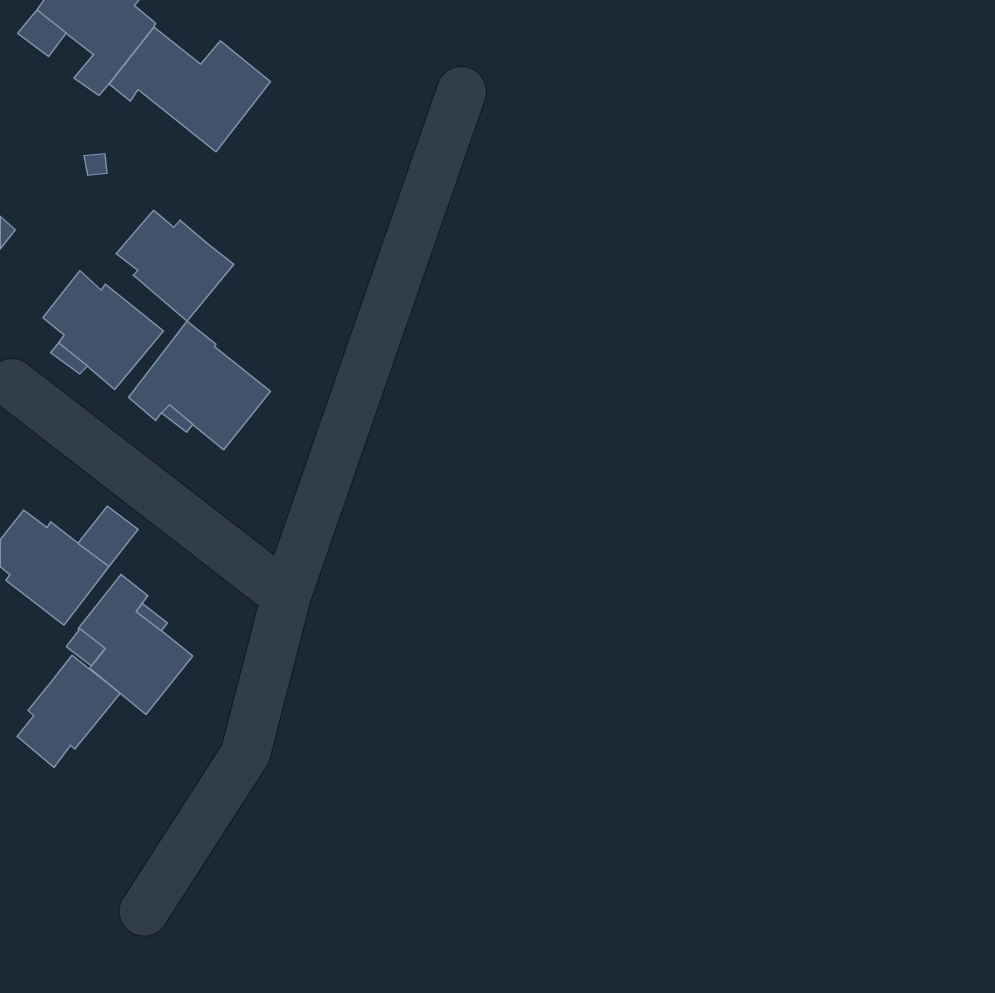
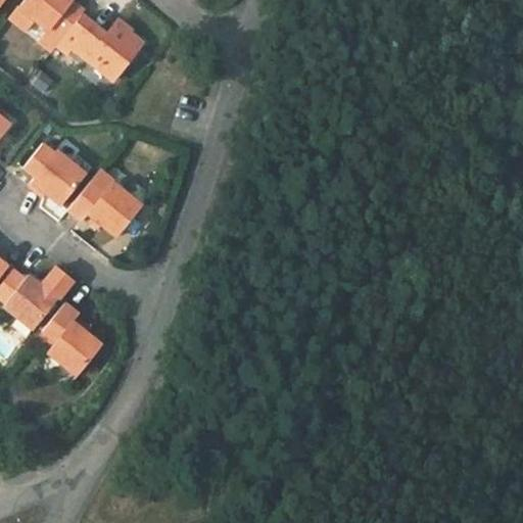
building: [116,210,234,321] -> none
building: [17,655,120,768] -> none

